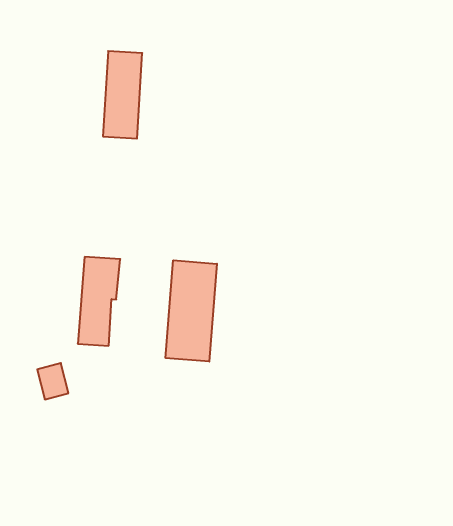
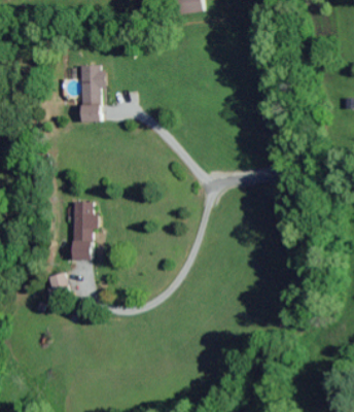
building: [166,260,217,362] -> none

